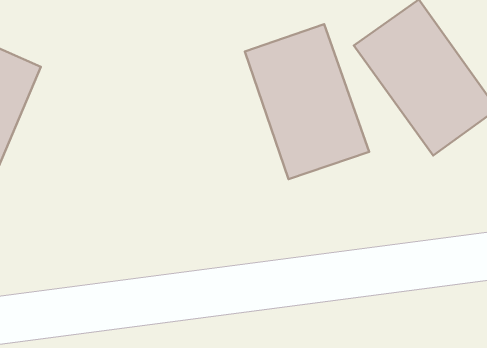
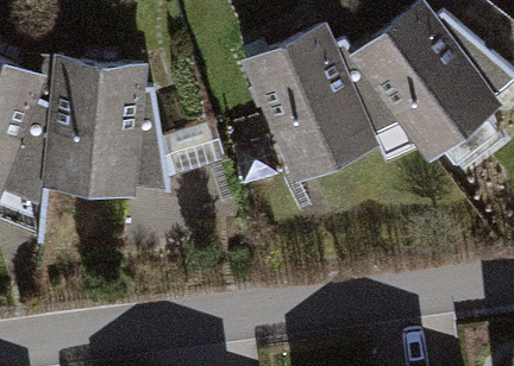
building: none -> [35,56,138,197]

